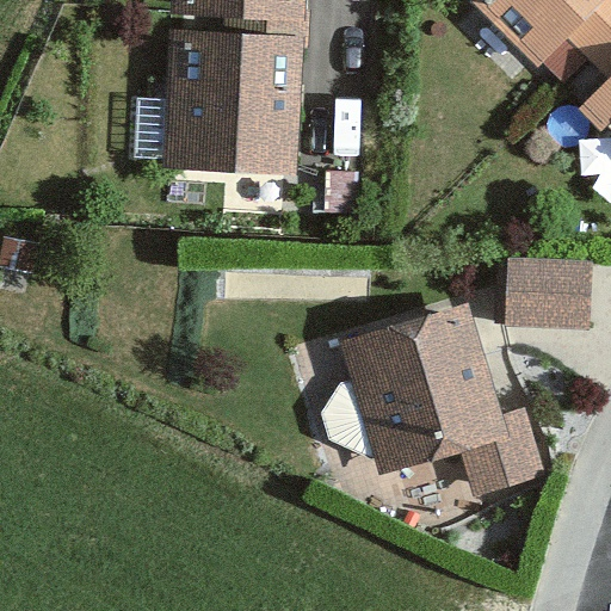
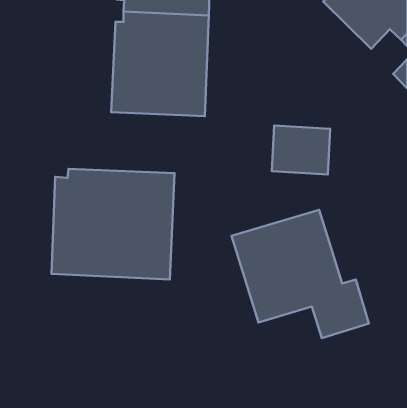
building: none -> [51,169,174,279]
building: [506,258,592,329] -> [272,126,330,174]

